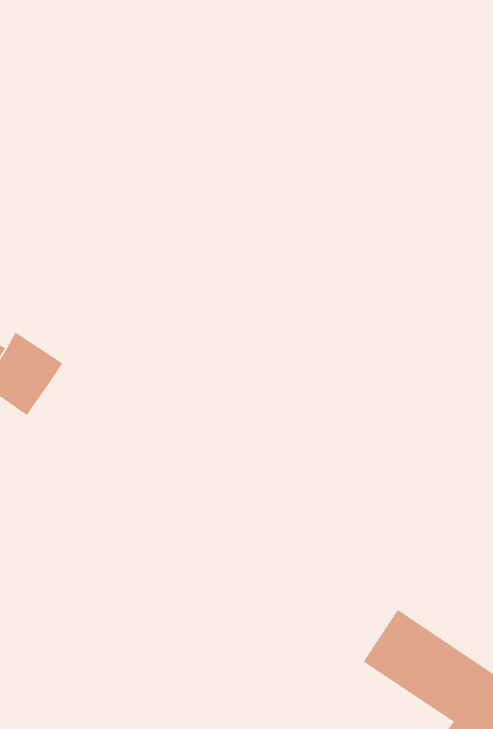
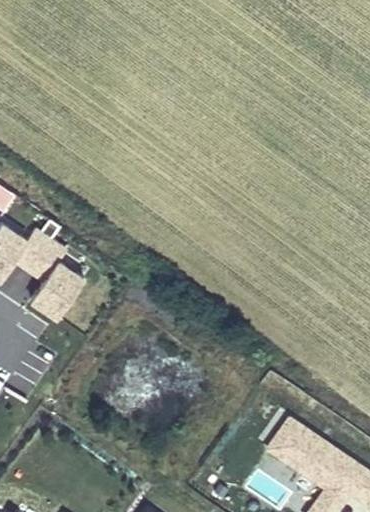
building: none -> [27,262,86,322]

